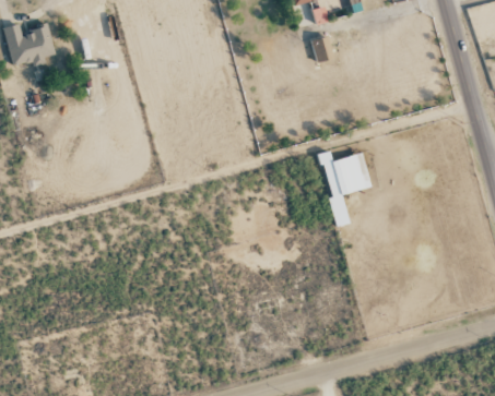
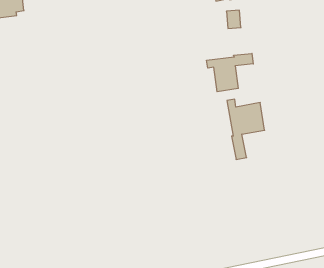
building: none -> [207,53,253,92]

